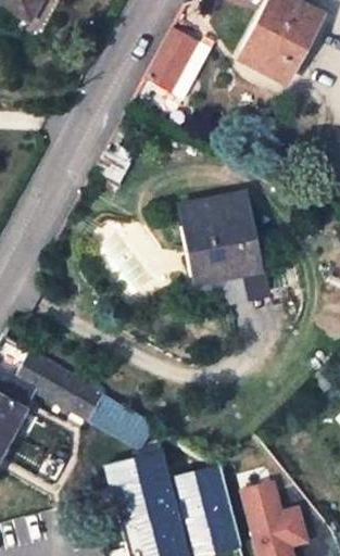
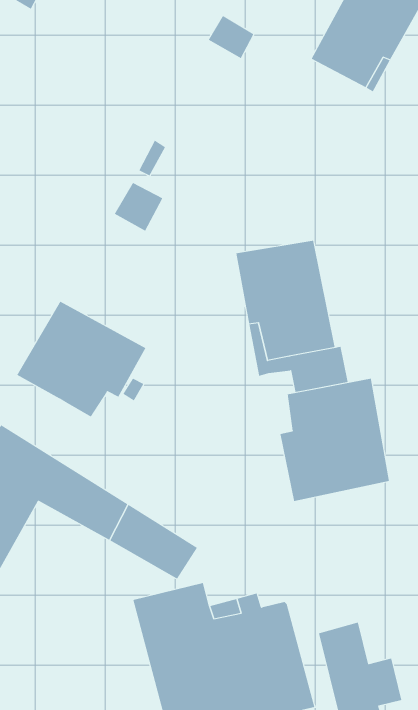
building: [146,46,186,89] -> none
building: none -> [17,301,146,417]
building: none -> [280,378,390,502]

